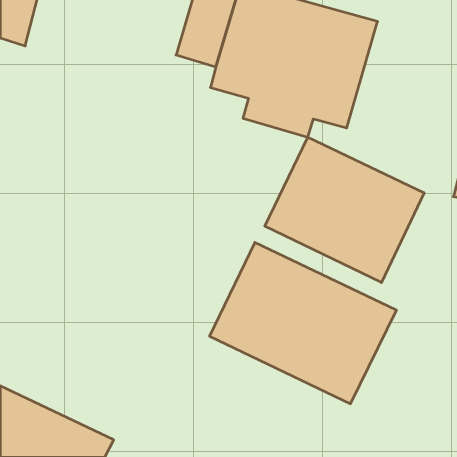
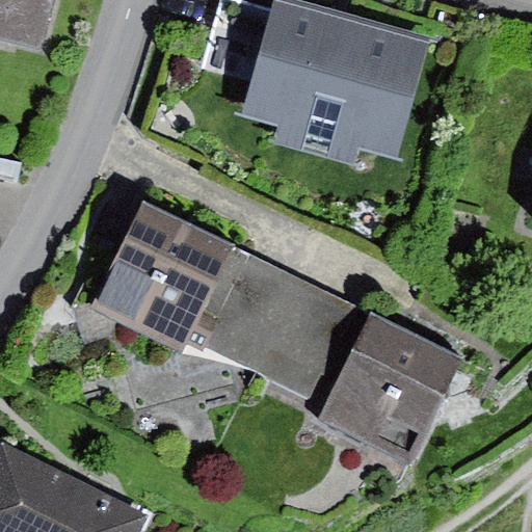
building: [265,137,424,283] -> none
building: none -> [84,202,298,388]

